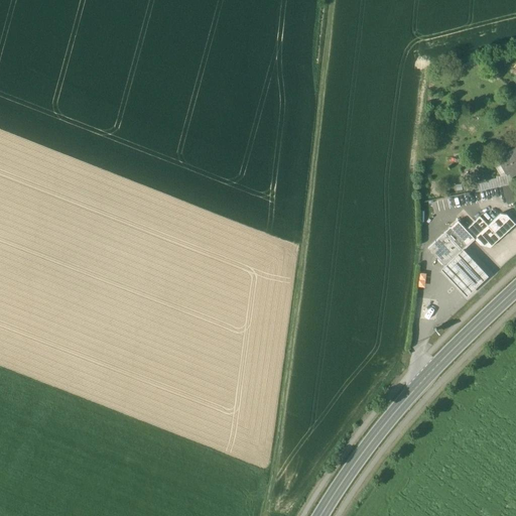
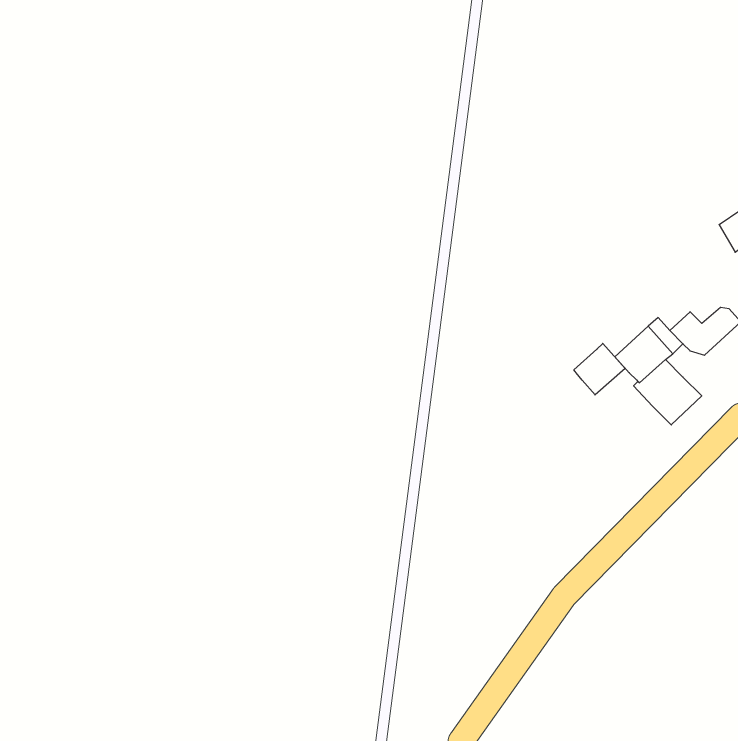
building: none -> [574,343,625,395]

